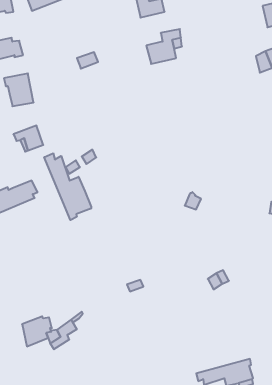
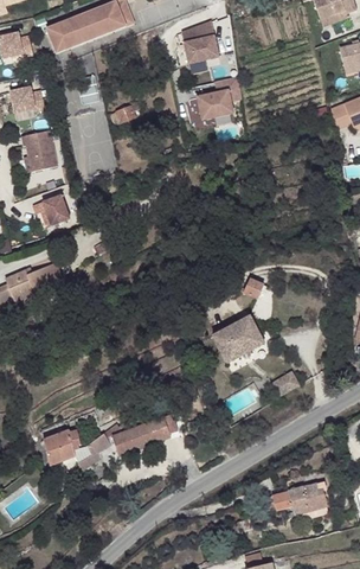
building: [44,153,91,220] -> none
building: none -> [212,315,263,363]
building: none -> [112,414,178,454]

